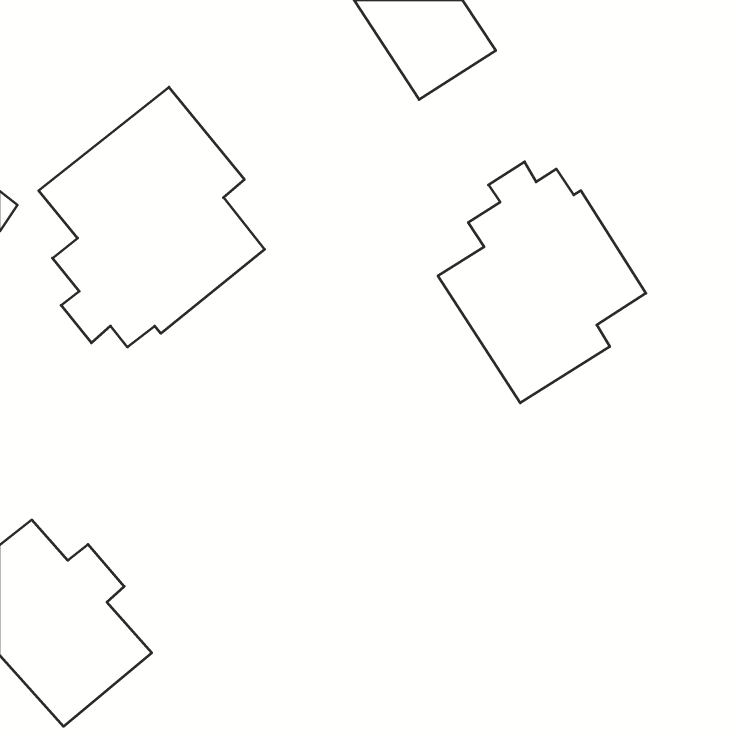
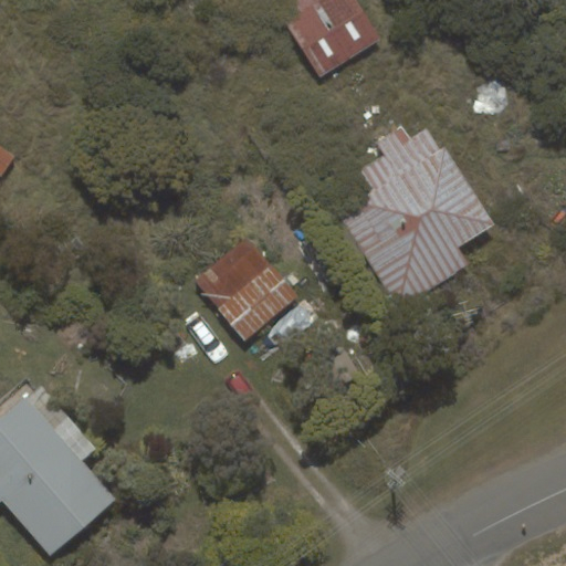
building: [39,87,265,347] -> none
building: none -> [193,235,298,342]

